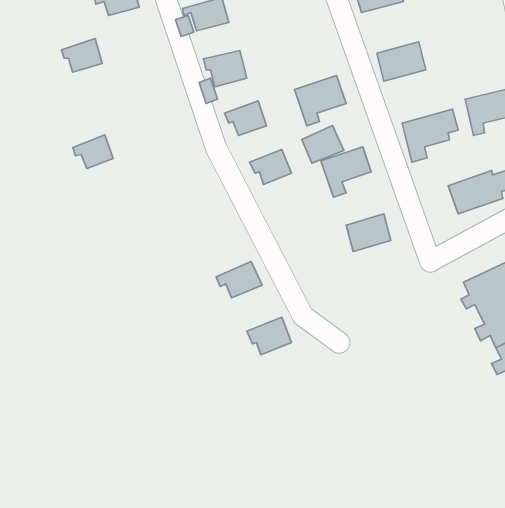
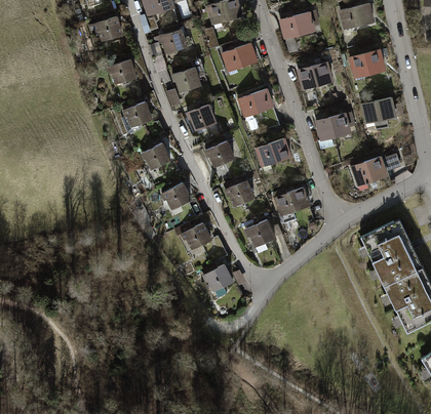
building: none -> [220,42,258,72]
building: none -> [349,49,386,84]
building: [61,39,102,72] -> [106,58,135,83]
building: [302,125,344,163] -> [226,178,257,206]
building: [73,135,113,168] -> [121,101,151,126]
building: none -> [140,143,170,170]
building: none -> [159,183,191,209]
building: none -> [243,219,275,254]

